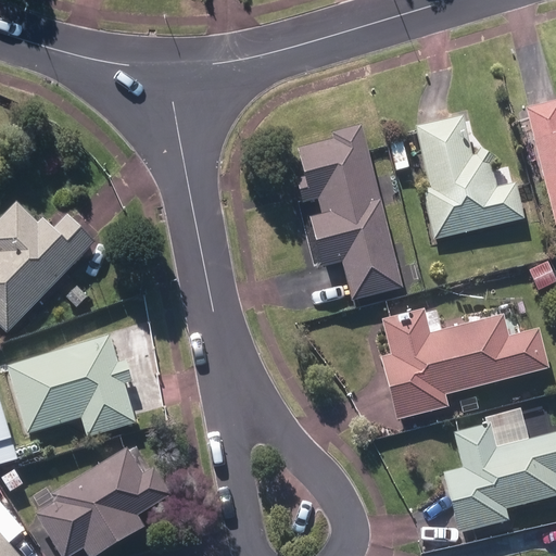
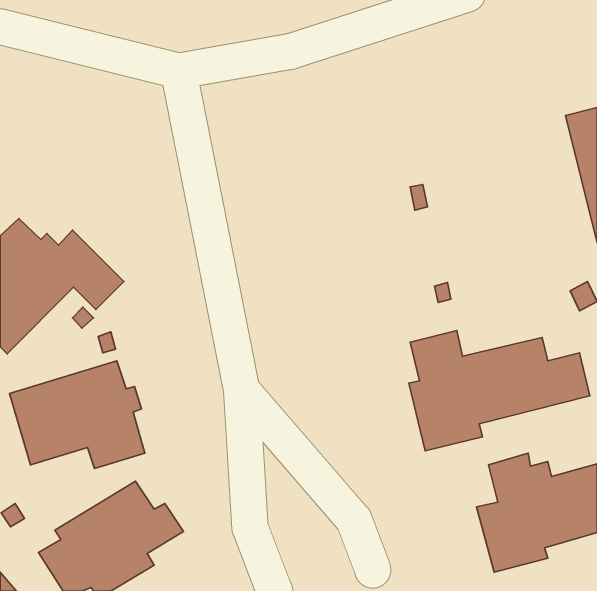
building: [415,114,525,239] -> none
building: [298,125,402,299] -> none

